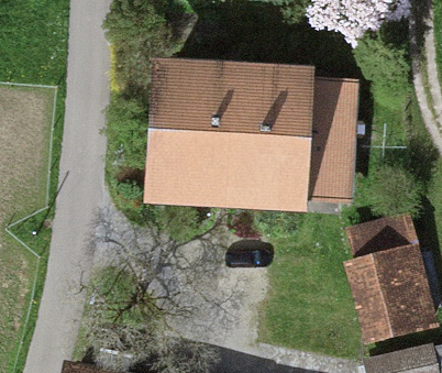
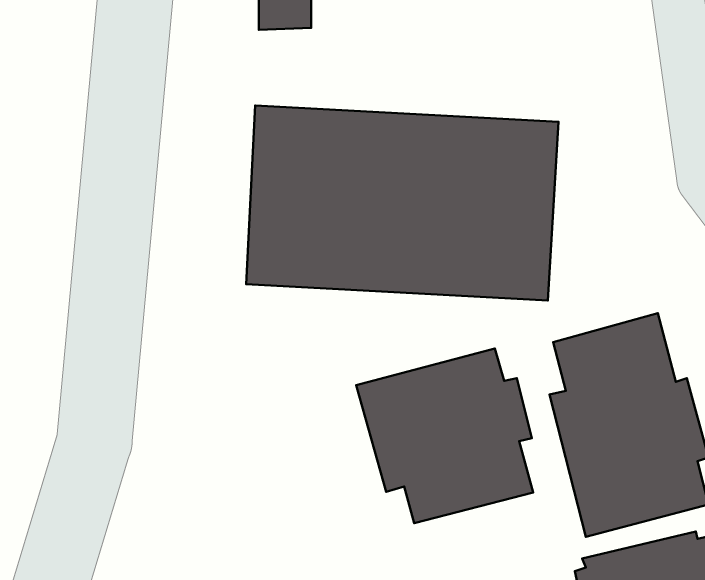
building: none -> [356,349,533,523]

